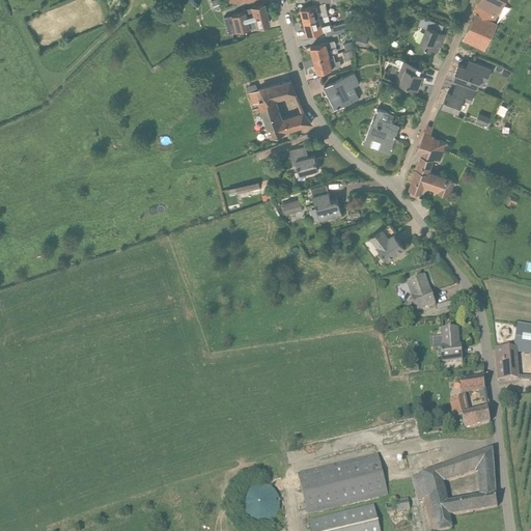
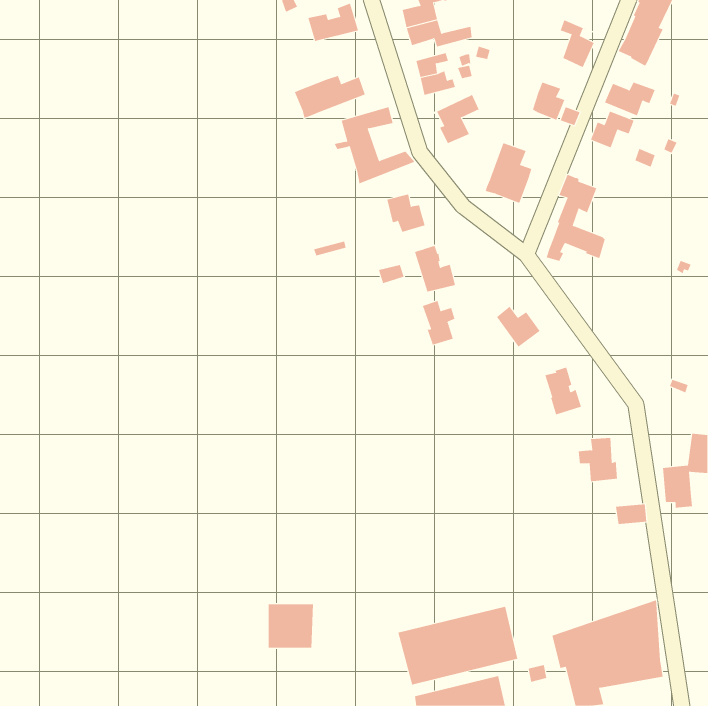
building: none -> [294,75,366,119]
building: none -> [422,300,455,346]
building: [451,398,490,427] -> none
building: [246,486,280,520] -> [268,604,314,648]

